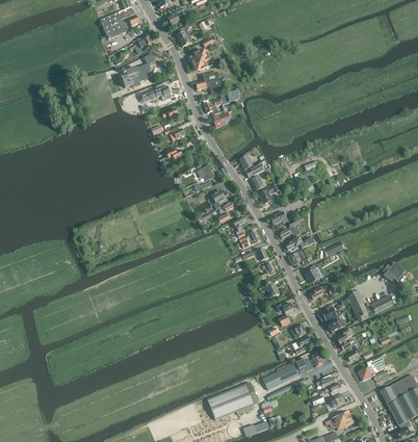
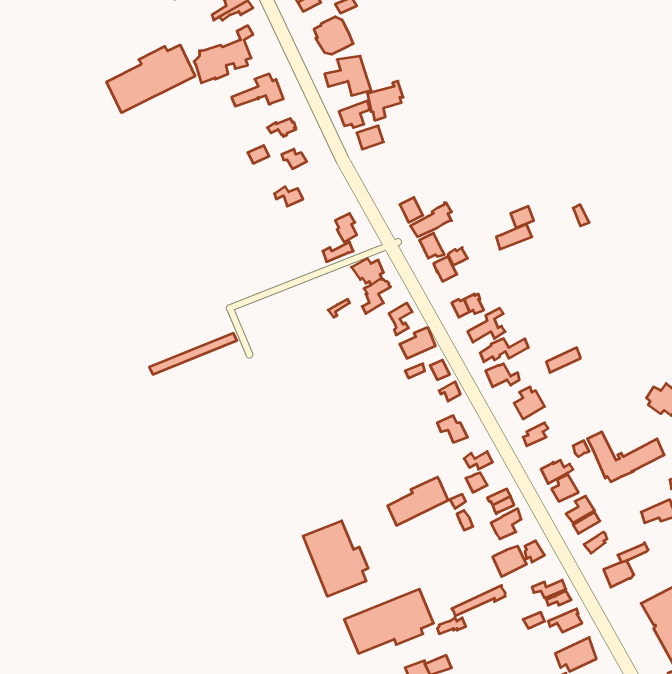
building: none -> [107,45,195,113]
building: none -> [303,521,368,596]
building: [263,361,298,389] -> [388,477,448,525]

